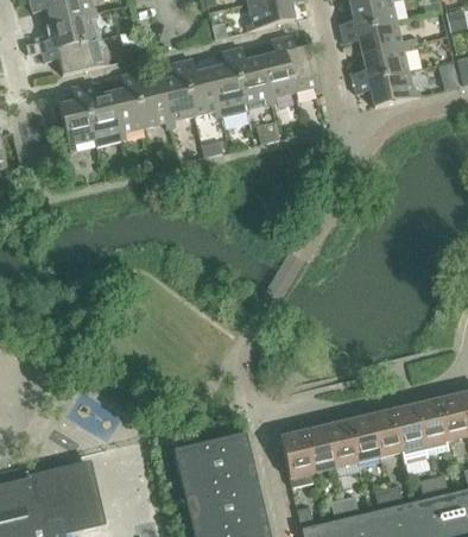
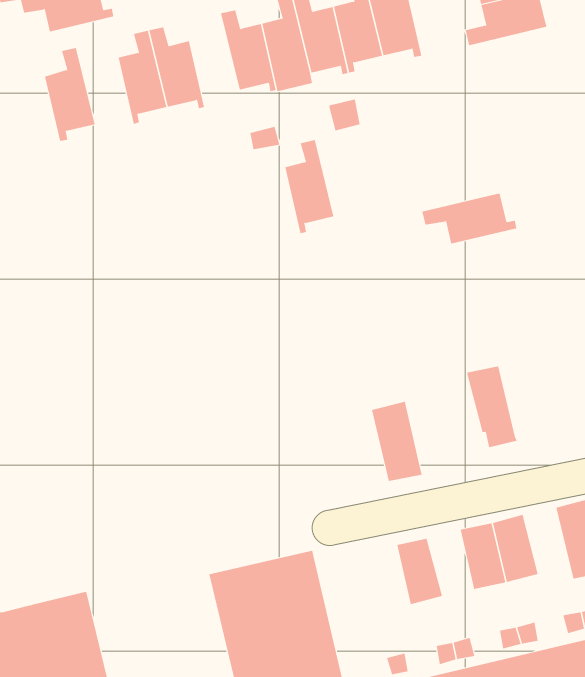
building: [160,62,195,127] -> [285,140,334,234]
building: [354,71,420,107] -> [422,193,517,244]
building: [82,83,121,146] -> none
building: [392,405,428,462] -> [466,366,518,448]
building: [325,421,358,467] -> none
building: [280,431,316,487] -> [371,401,423,482]

